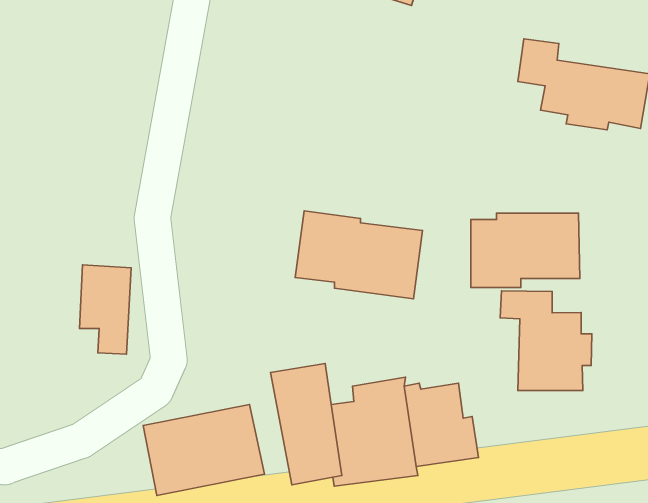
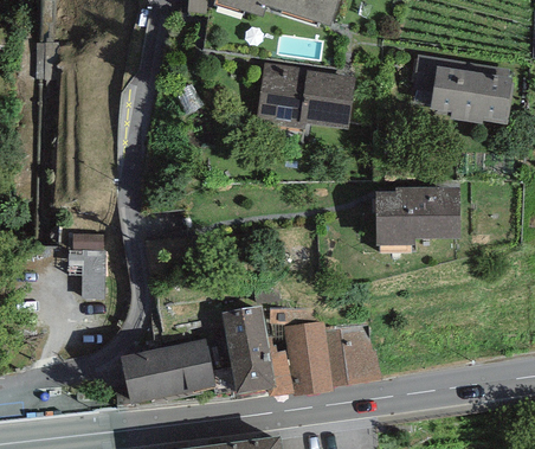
building: [295,211,423,299] -> [256,58,355,127]
building: [500,291,592,390] -> none

